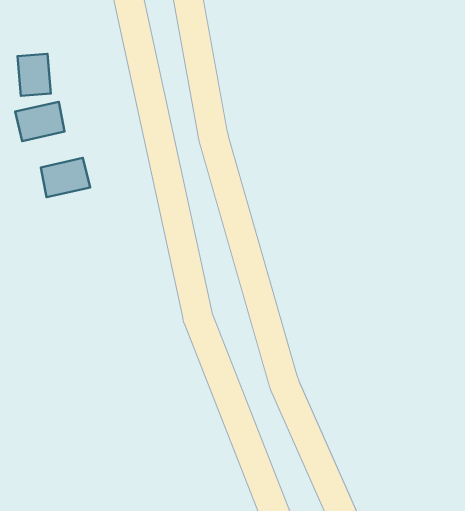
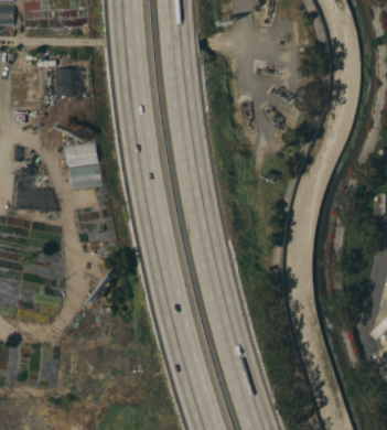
building: [15,102,64,141] -> [68,160,101,185]

